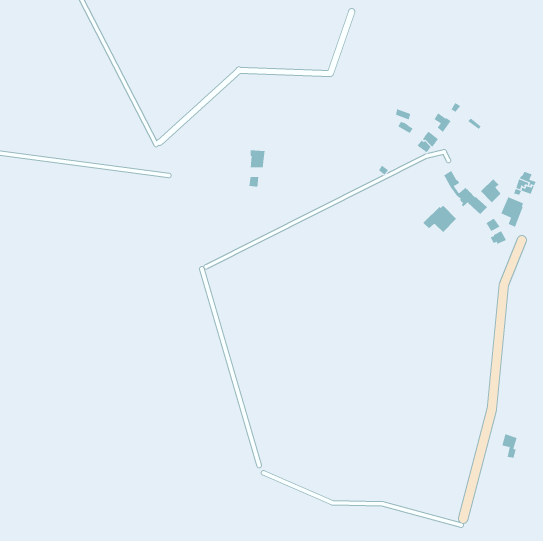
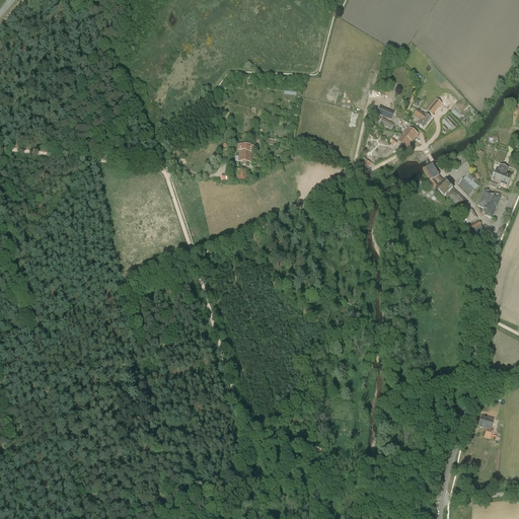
building: [422,205,457,233] -> none

